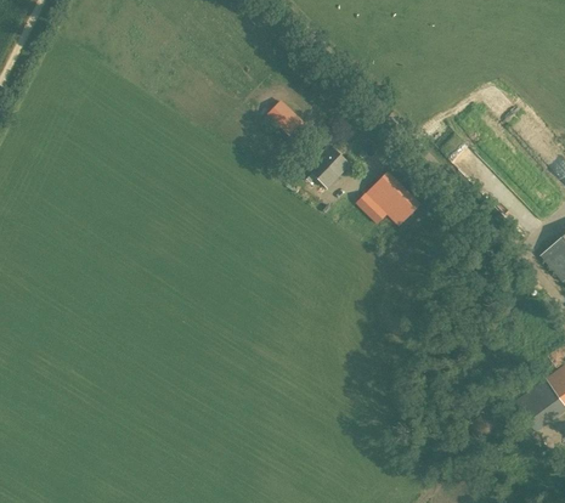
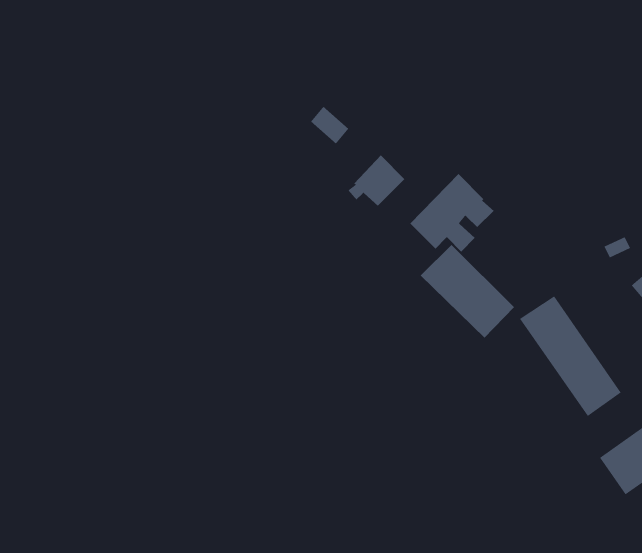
building: none -> [420,244,515,338]
building: none -> [519,295,621,417]

